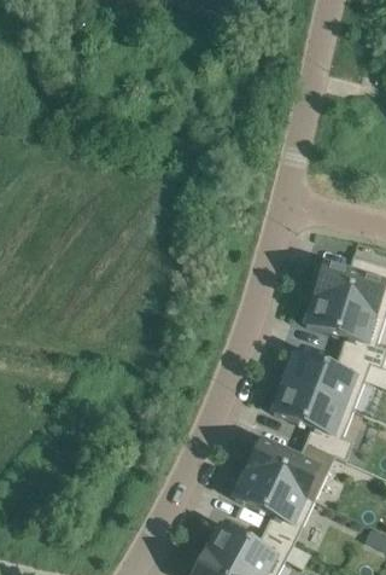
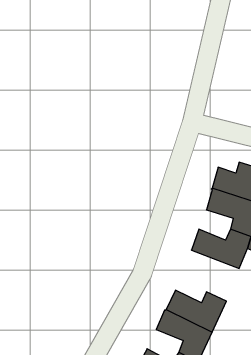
building: [274,381,353,459] -> none

